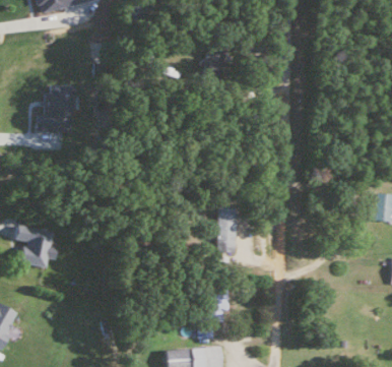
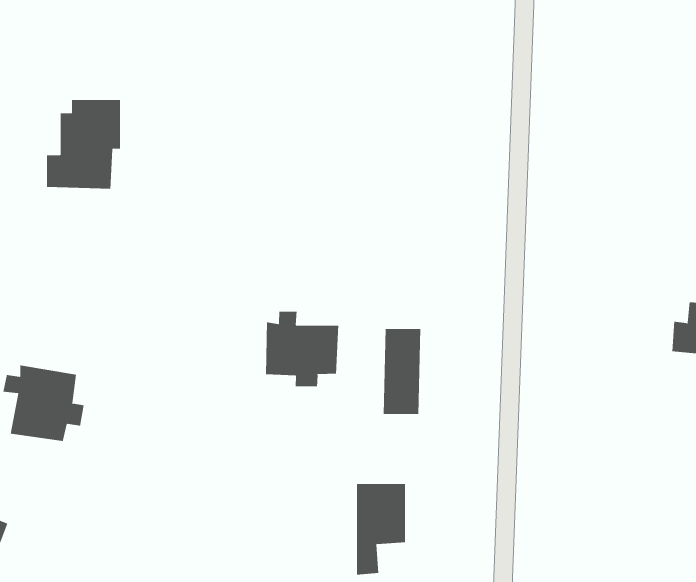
building: none -> [265,311,339,387]

